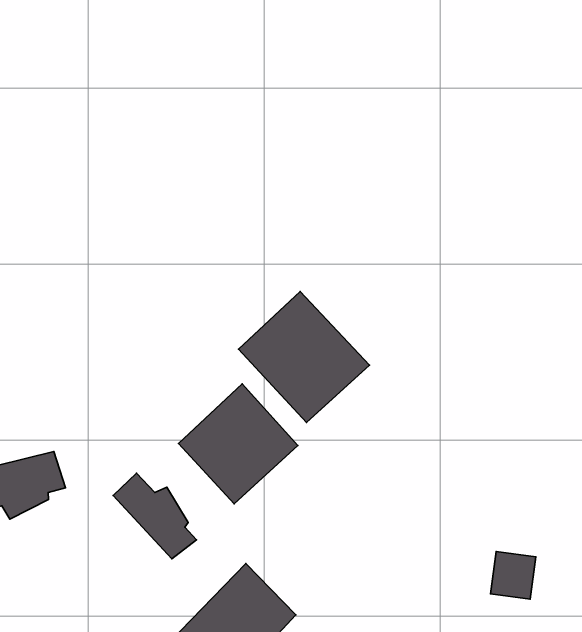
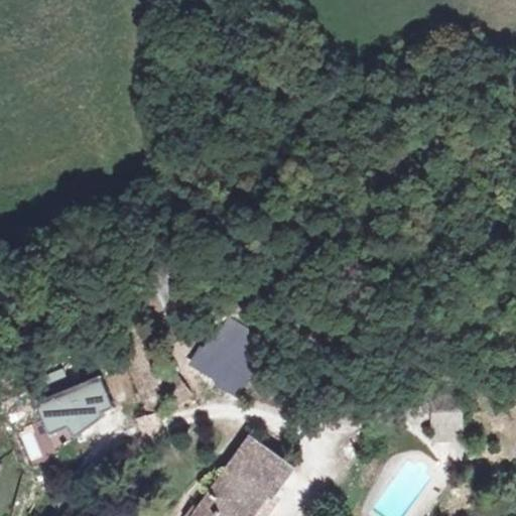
building: [238,292,369,423] -> none
building: [113,473,196,559] -> none

